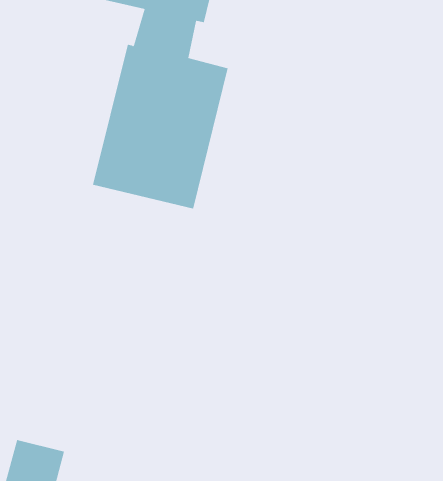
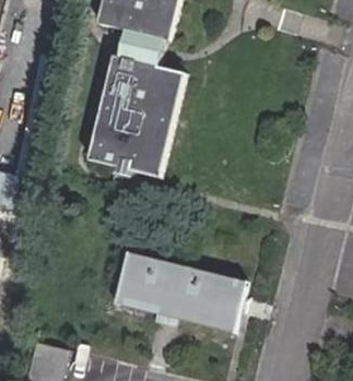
building: none -> [115,251,245,329]

